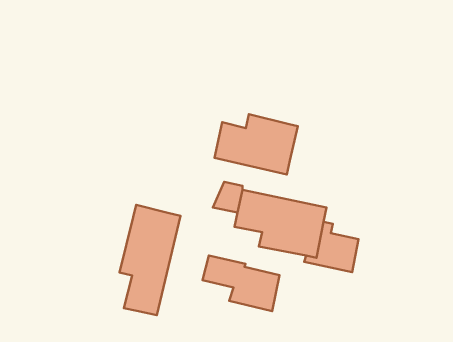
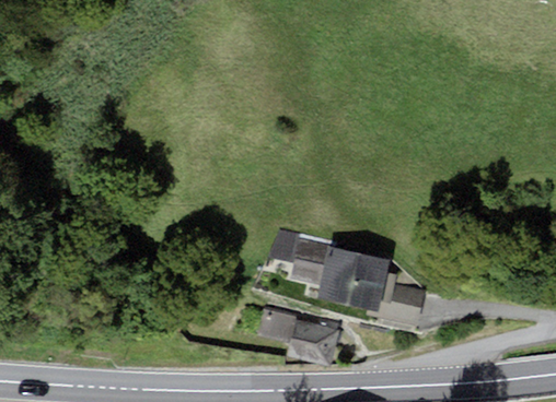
building: [215,114,298,174] -> none
building: [119,205,181,315] -> none

